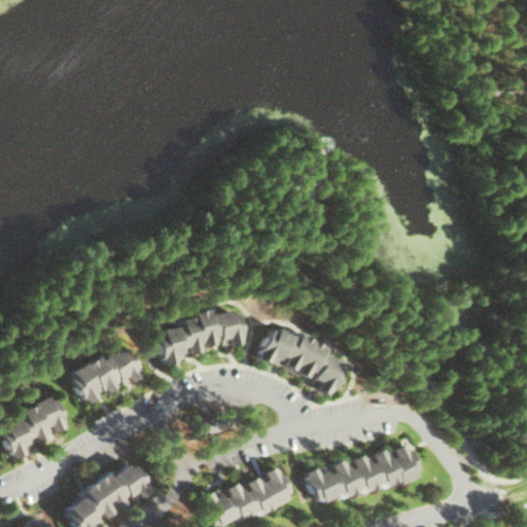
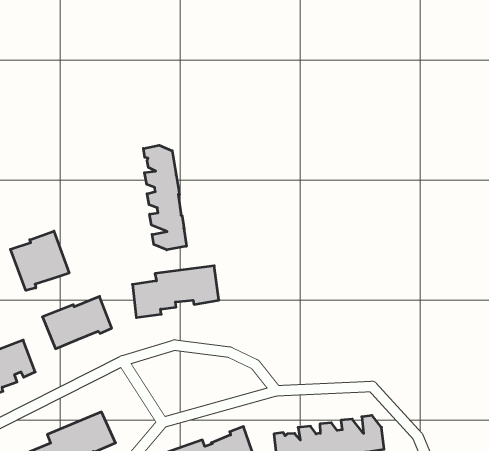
building: none -> [143,145,186,250]
building: none -> [10,231,69,290]
building: [258,326,349,396] -> none

